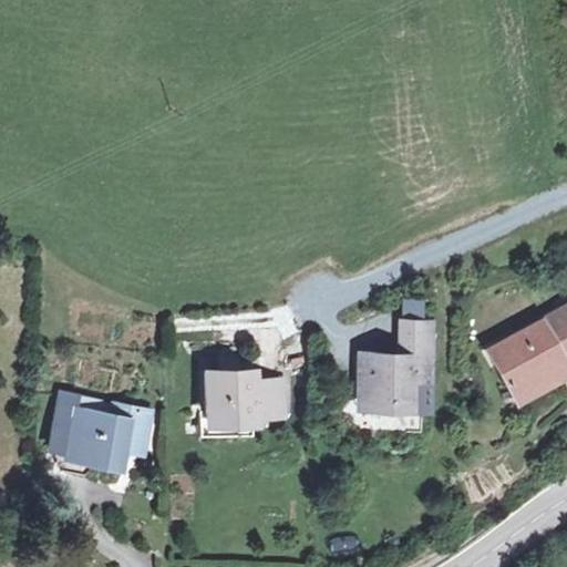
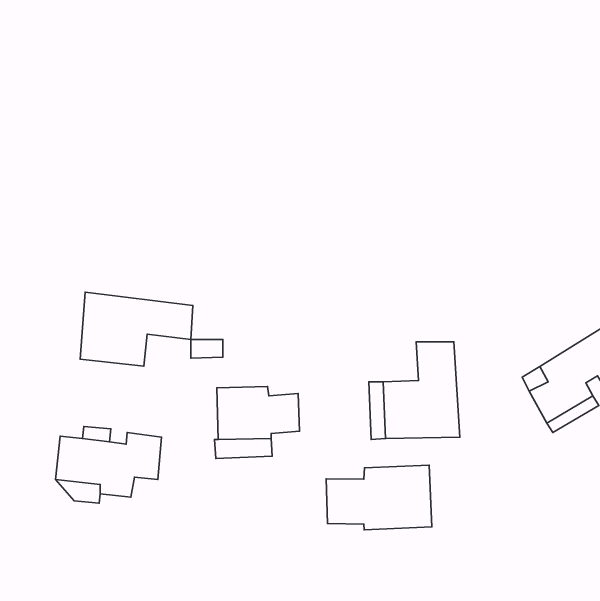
building: none -> [80,292,193,366]
building: none -> [326,465,432,530]

